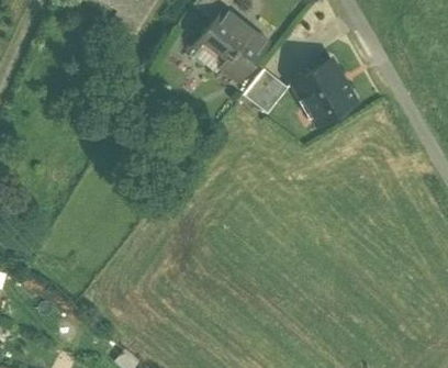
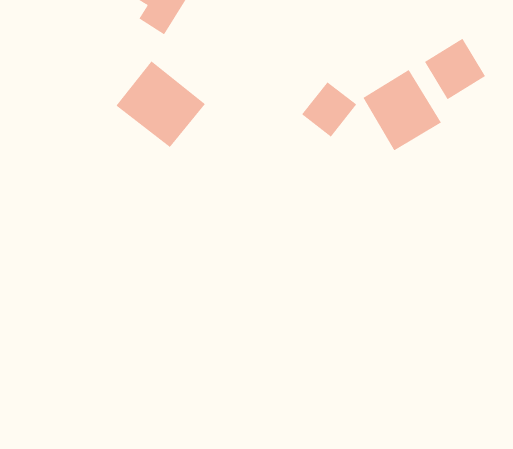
building: [194,9,267,79] -> [116,61,206,148]
building: none -> [424,38,486,100]

